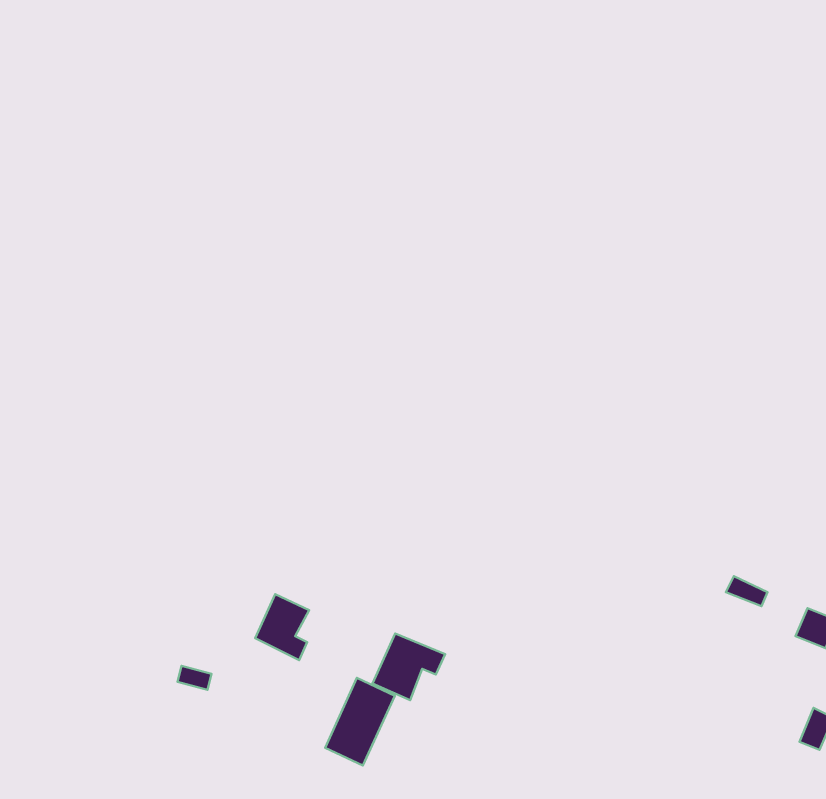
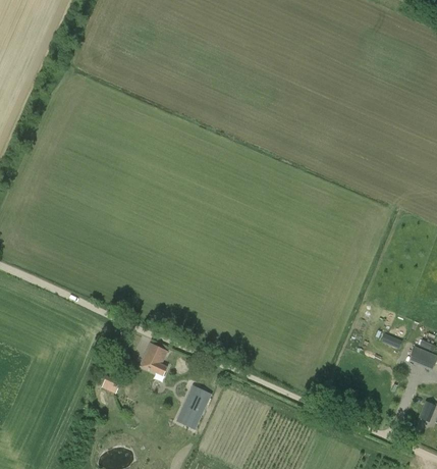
building: [372,634,445,700] -> none

